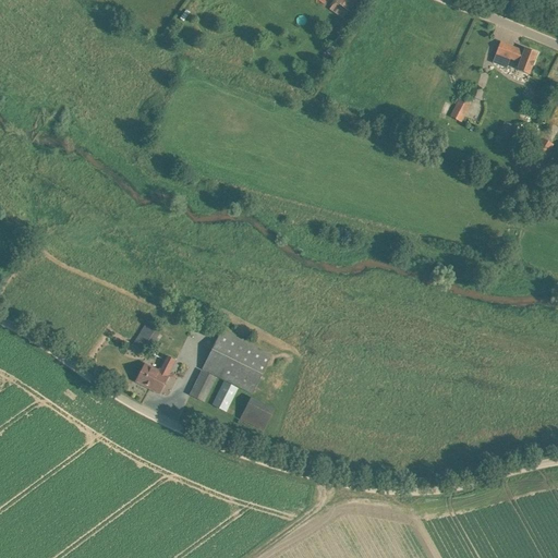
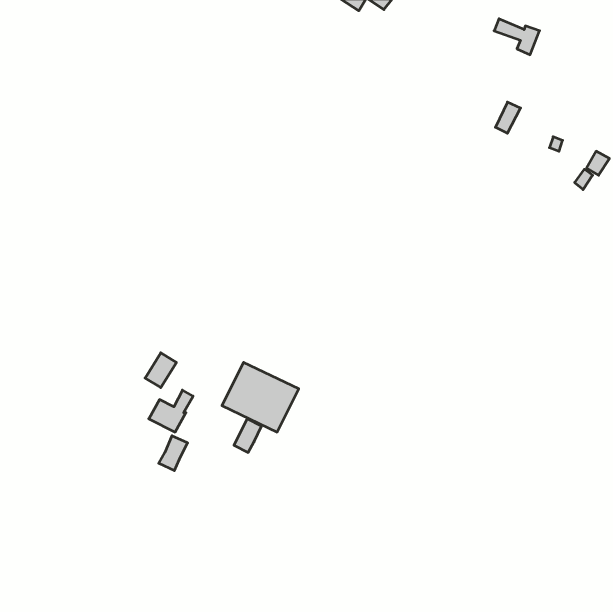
building: [496,40,537,73] -> [494,19,540,55]
building: [190,369,216,401] -> [159,436,188,471]
building: [239,396,272,428] -> none

